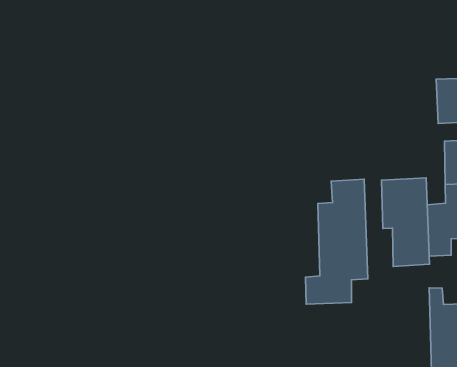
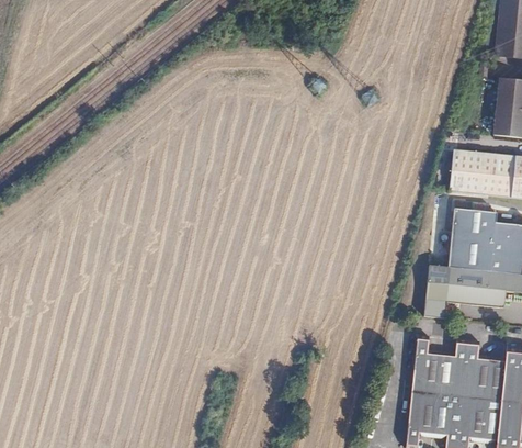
building: [381,178,429,266] -> none
building: [305,179,368,304] -> none

